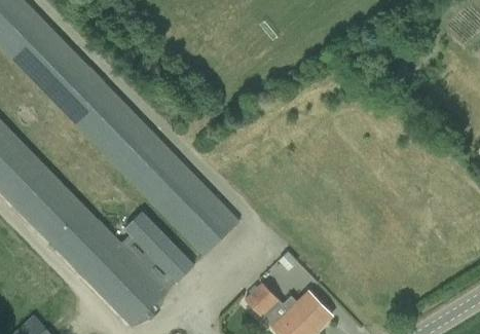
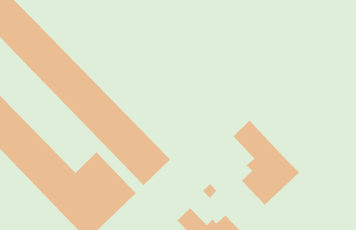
building: none -> [233,120,300,206]

